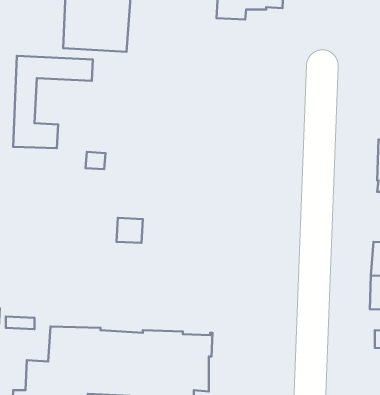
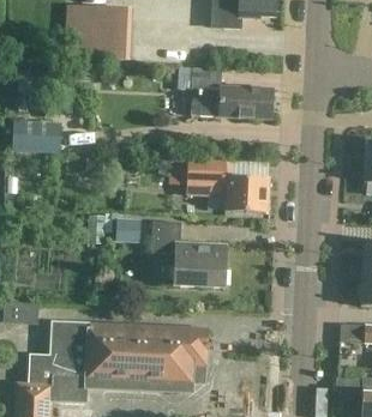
building: none -> [179,68,272,120]
building: none -> [186,156,269,214]
building: none -> [152,222,226,288]

